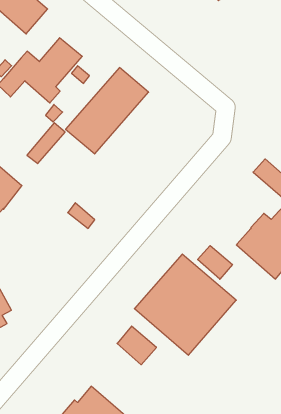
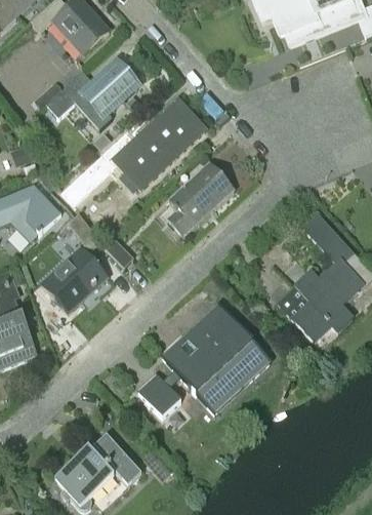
building: none -> [168,163,234,234]
building: none -> [41,213,107,314]
building: [198,246,232,279] -> none

